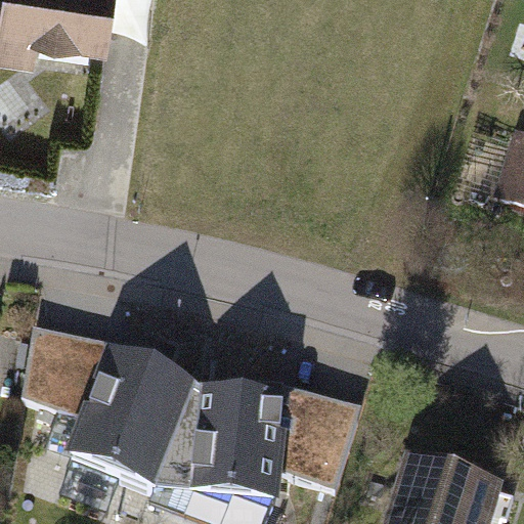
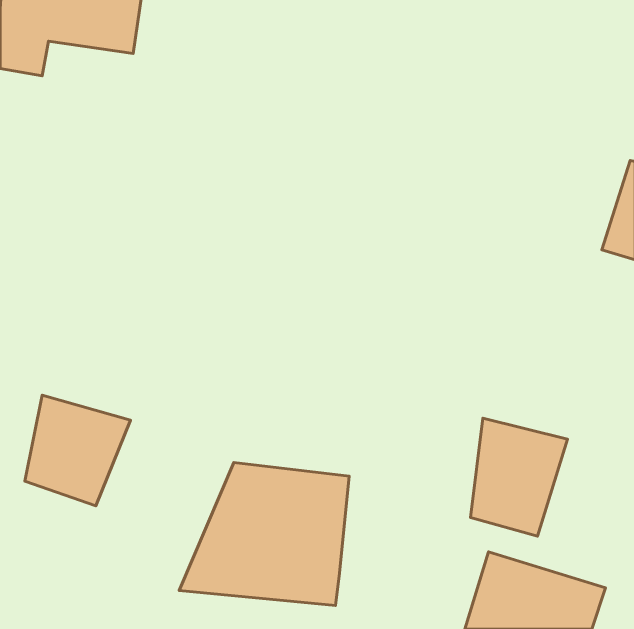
building: [66,346,193,486] -> none
building: [280,390,360,487] -> [471,418,567,536]

